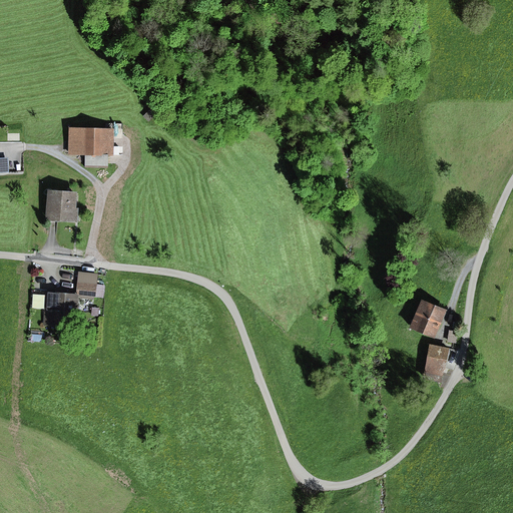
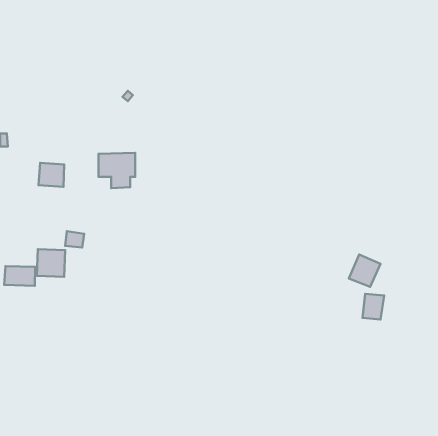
building: [69,126,112,167] -> [98,153,135,188]
building: none -> [4,266,35,286]

